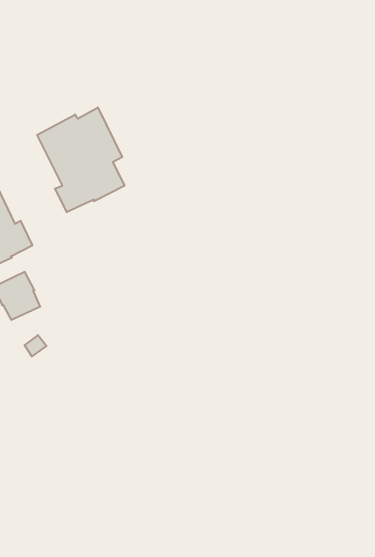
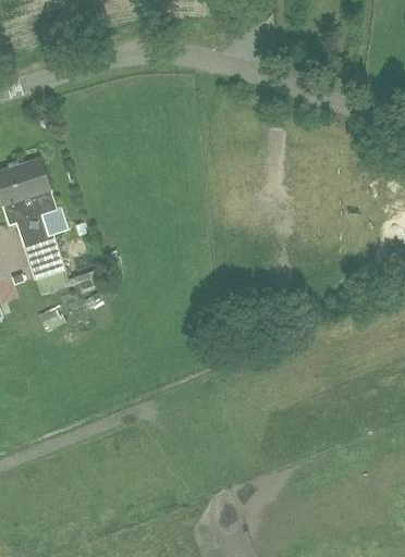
building: [37,107,124,212] -> none

